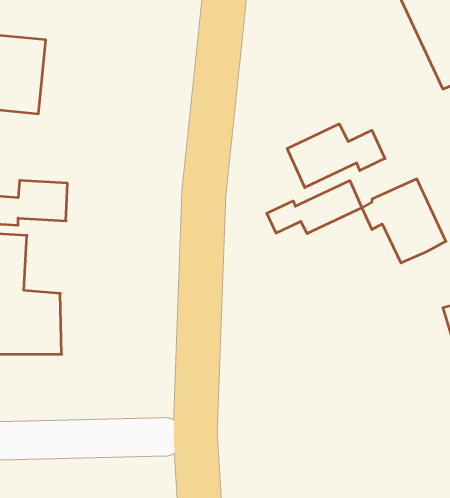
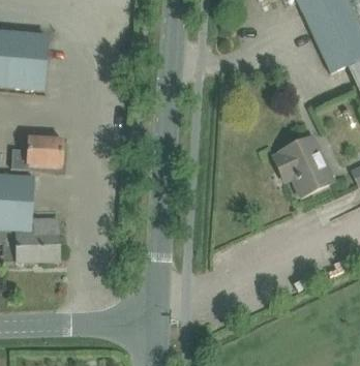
building: [287,124,385,188] -> none
building: [267,181,362,234] -> none

